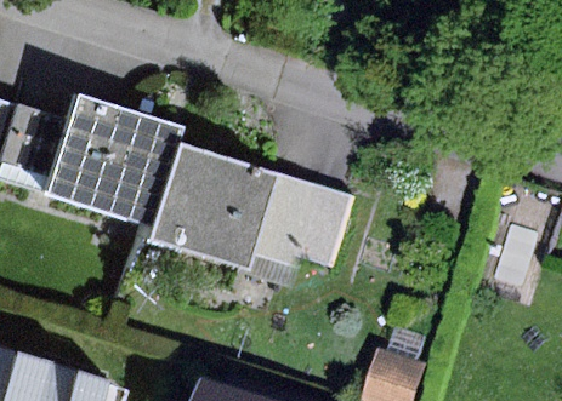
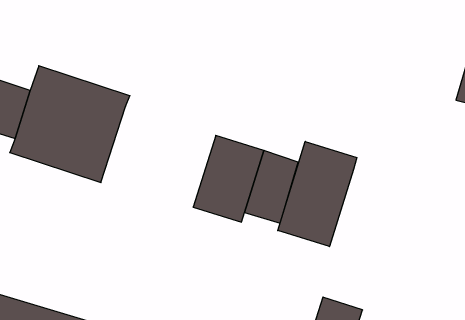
building: [124,136,257,263] -> none
building: none -> [278,141,357,247]

